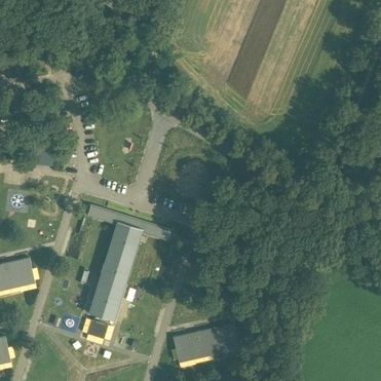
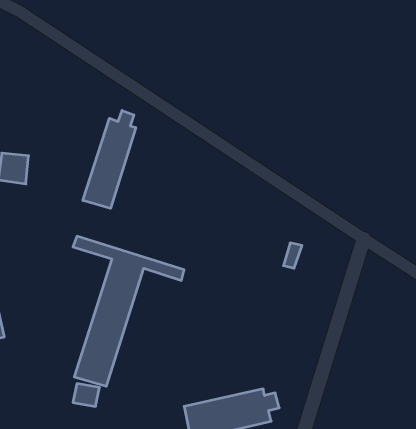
building: none -> [83,110,136,208]

